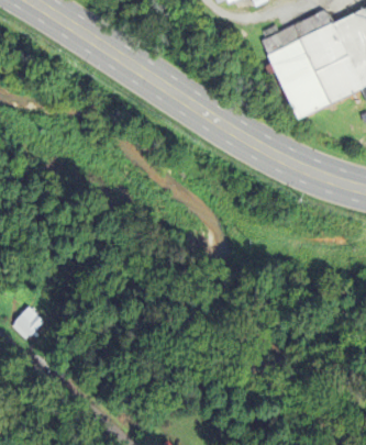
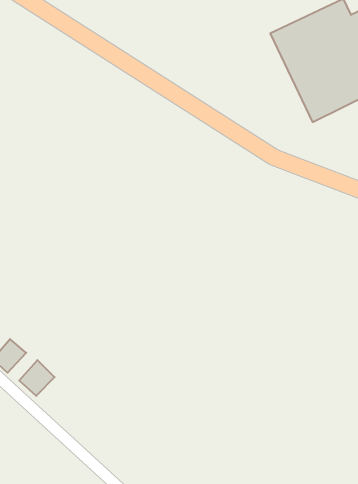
building: none -> [19,360,55,396]

